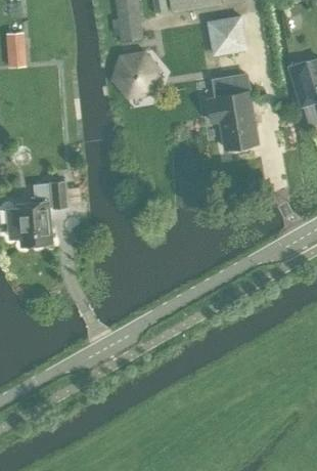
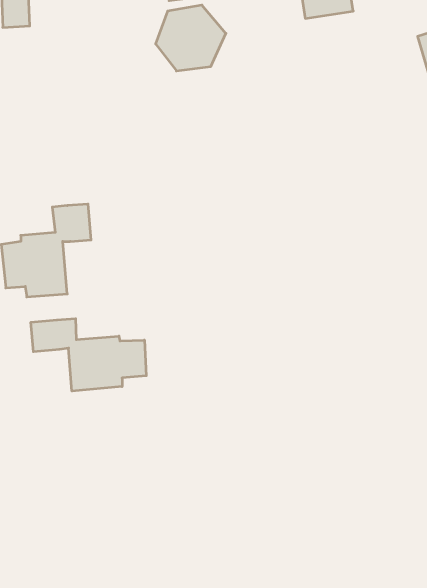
building: [207,76,257,149] -> none
building: none -> [31,319,146,391]

